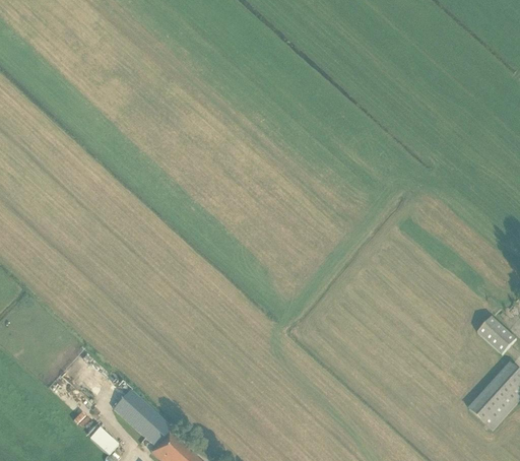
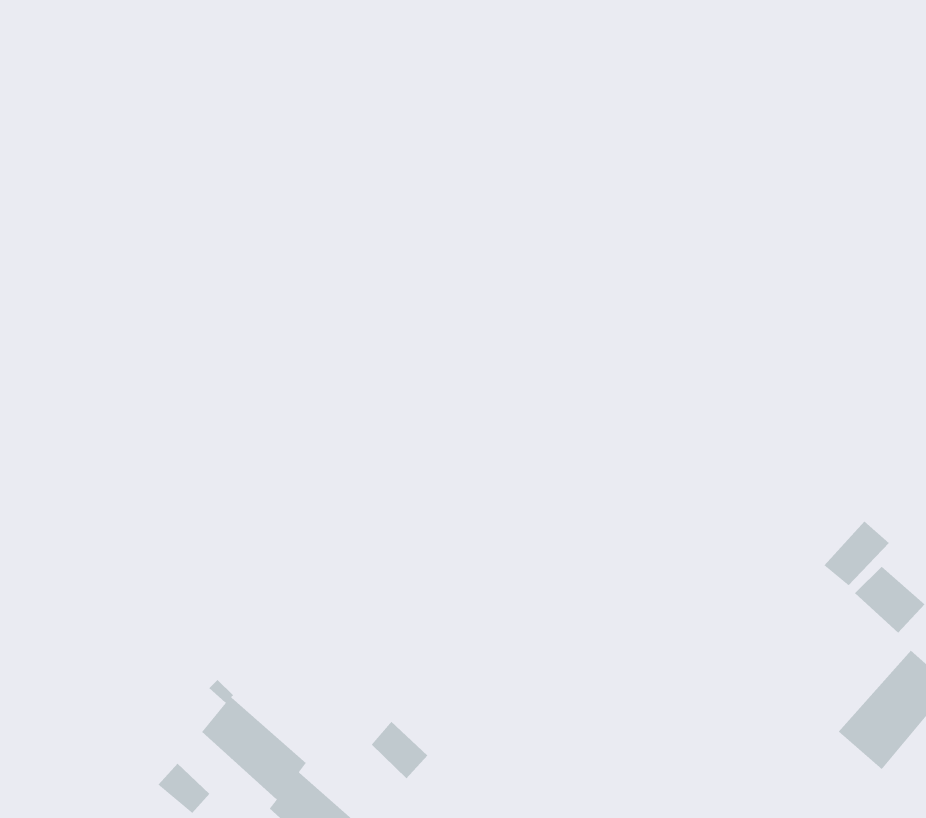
building: none -> [823,521,890,586]
building: none -> [371,721,428,779]

